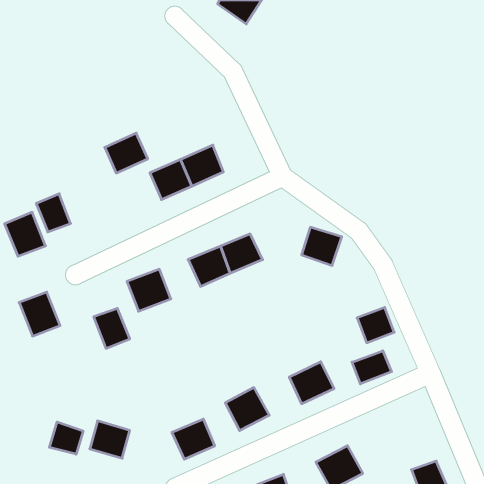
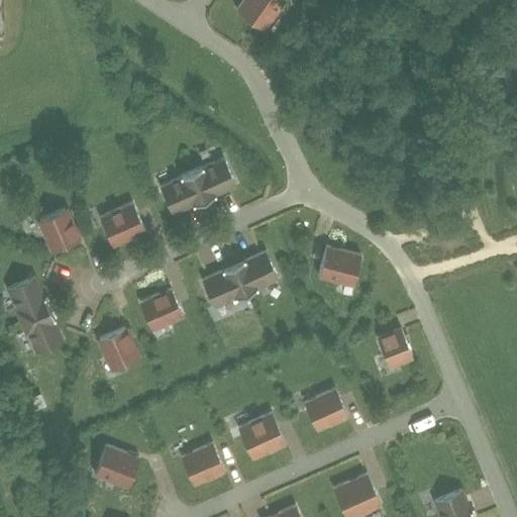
building: [105,133,148,173] -> [100,203,145,245]
building: [5,212,46,256] -> [6,278,49,324]
building: [352,351,392,384] -> none
building: [49,422,83,454] -> none

